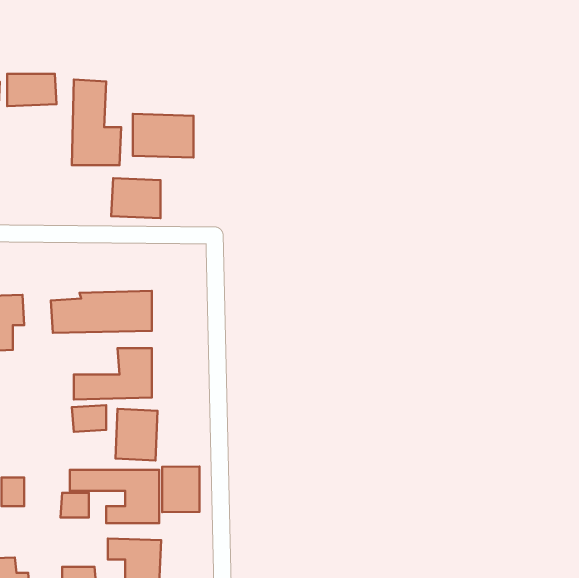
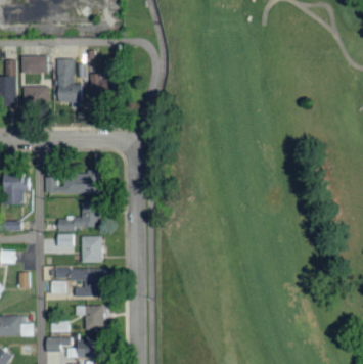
building: [111,178,161,218] -> [22,85,49,106]
building: [162,467,200,512] -> none

